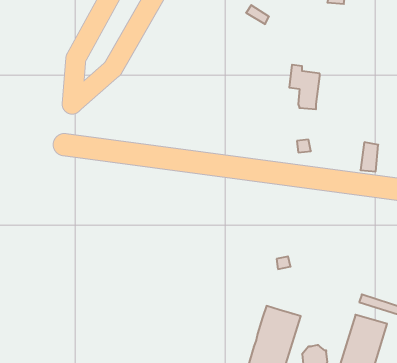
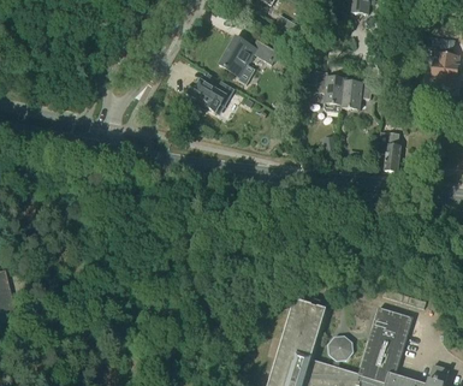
building: none -> [220,36,279,81]
building: none -> [189,73,230,109]
building: none -> [342,78,373,108]

